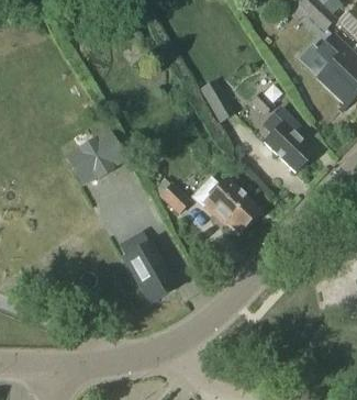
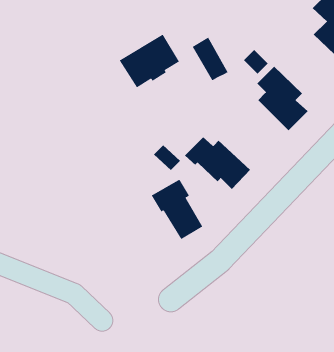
building: [65,130,125,184] -> [119,34,180,88]
building: [122,241,174,301] -> [151,179,203,240]

